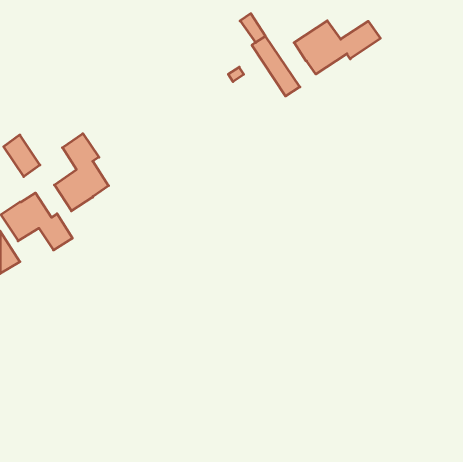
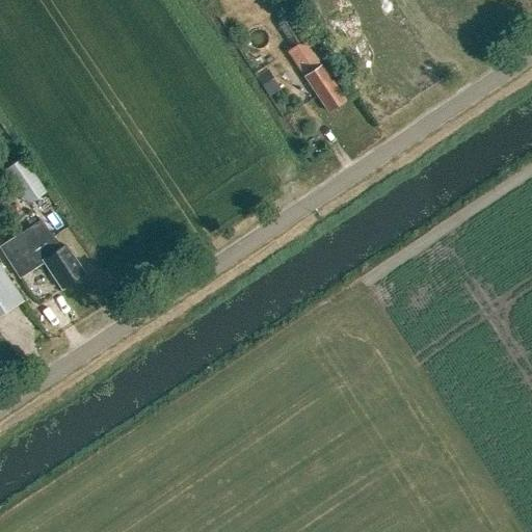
building: [294,21,380,74] -> none
building: [54,134,109,211] -> none

